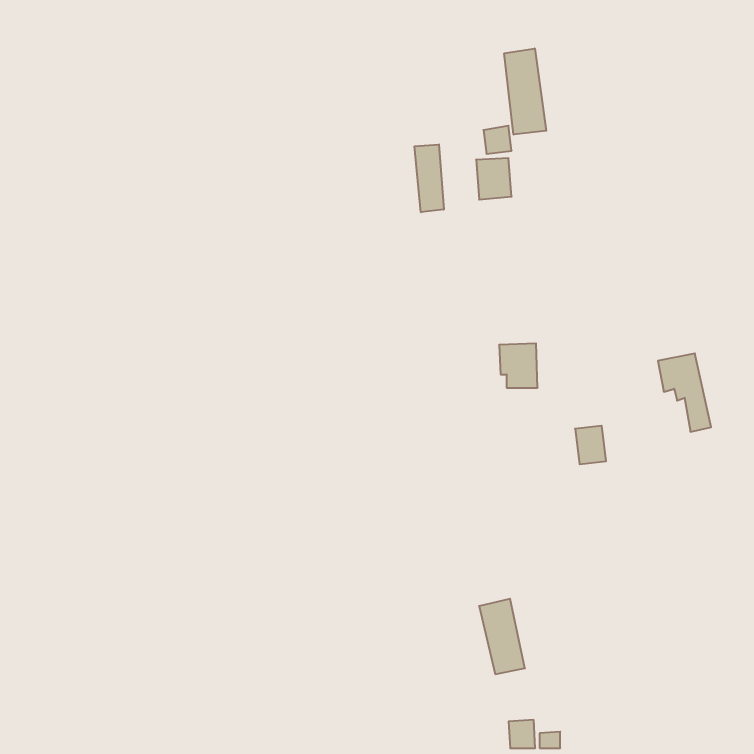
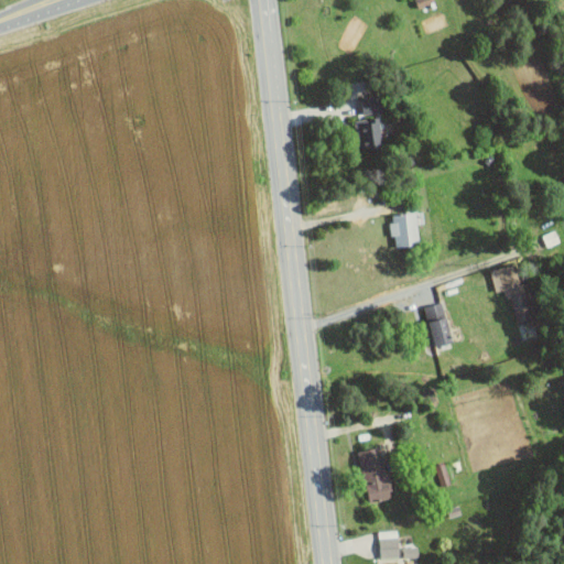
building: [504,48,546,135] -> none
building: [415,144,444,212] -> none
building: [499,343,538,388] -> [390,214,419,247]

